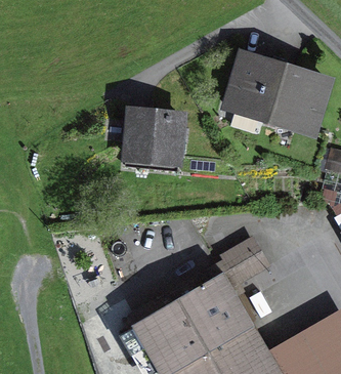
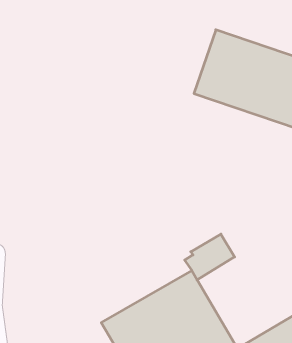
building: [125,103,190,163] -> none

